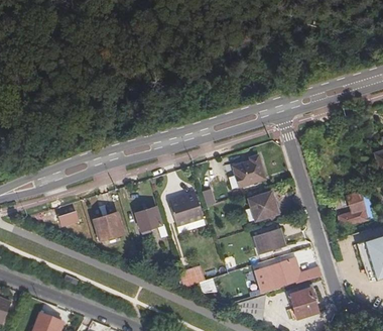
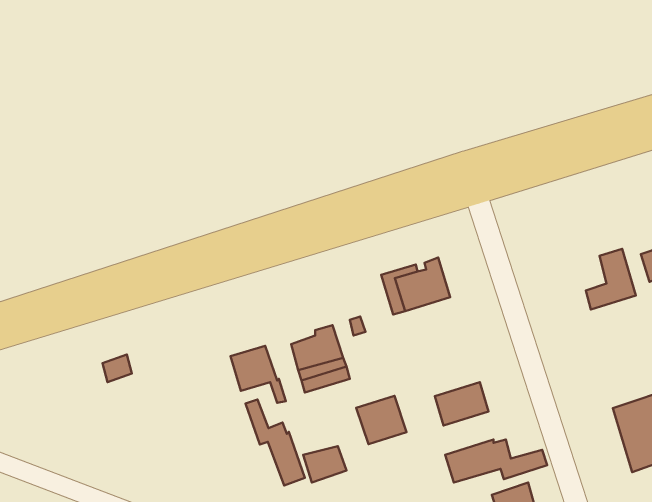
building: [340,191,369,226] -> [586,249,636,309]
building: [249,192,278,220] -> [356,396,406,444]
building: [93,208,122,237] -> none
building: none -> [246,399,305,485]

